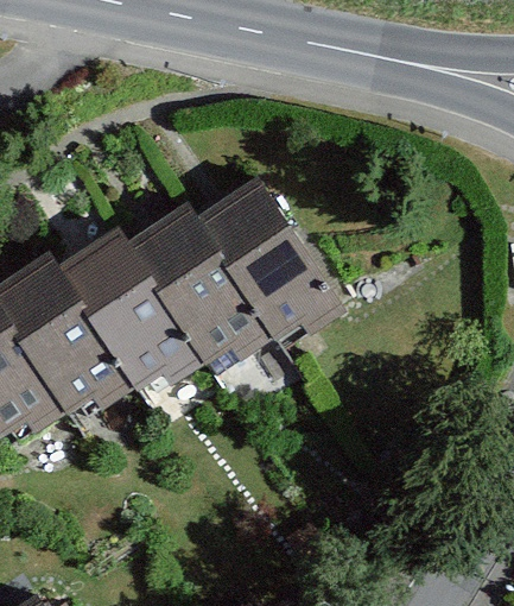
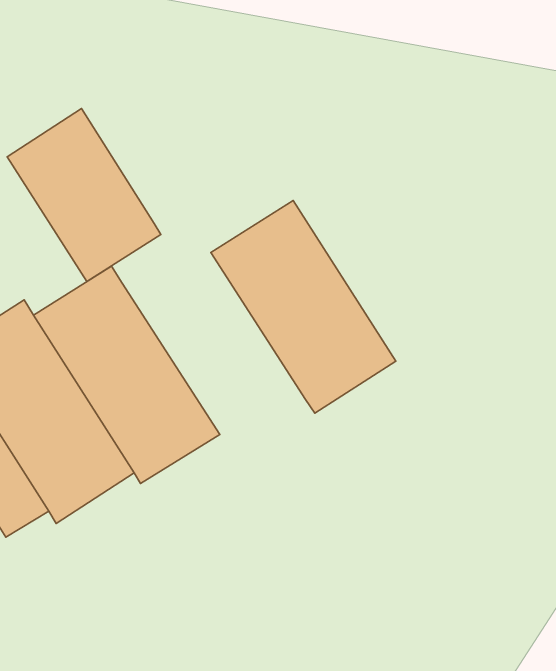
building: none -> [7,109,161,282]
building: [126,204,268,372] -> none

